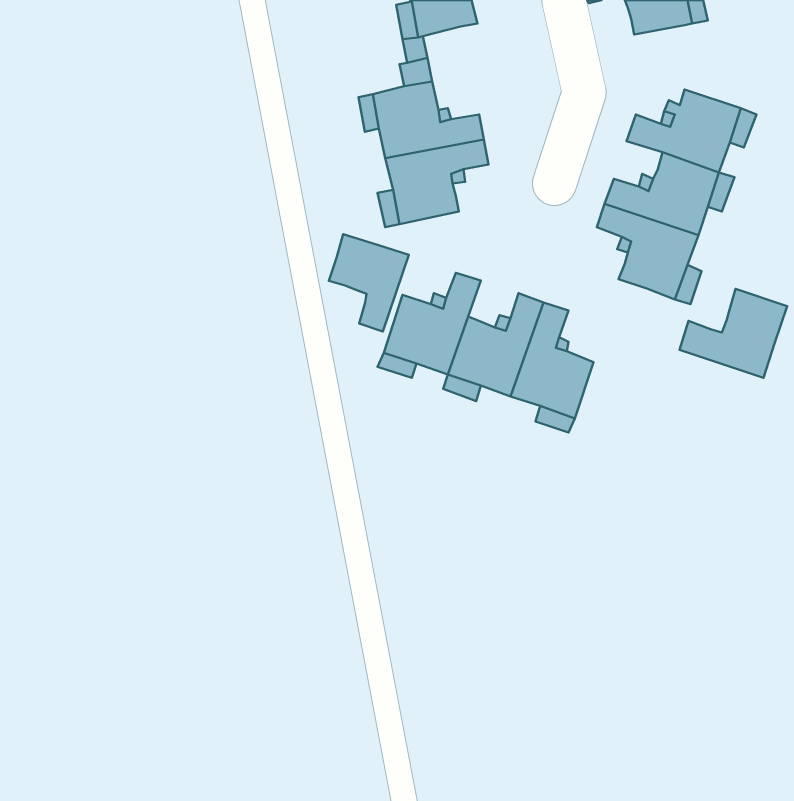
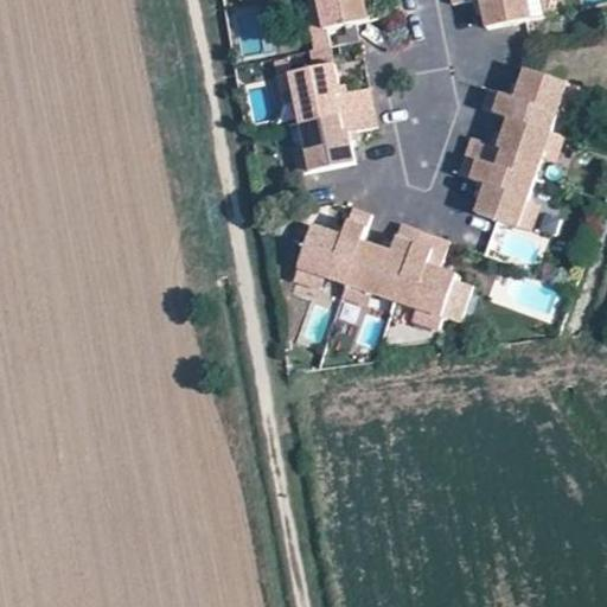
building: [329,234,409,331] -> none
building: [679,289,787,378] -> none

